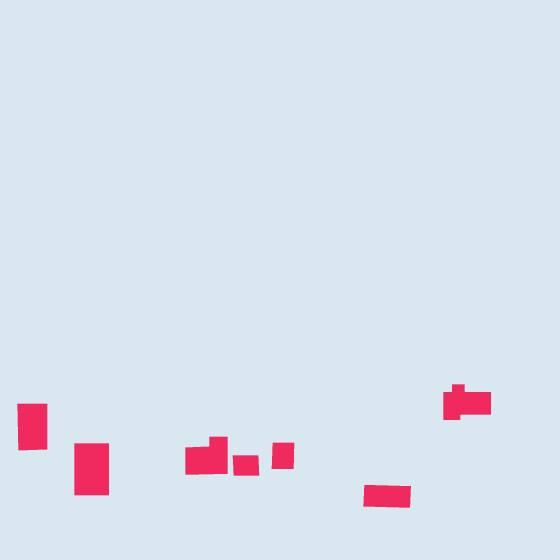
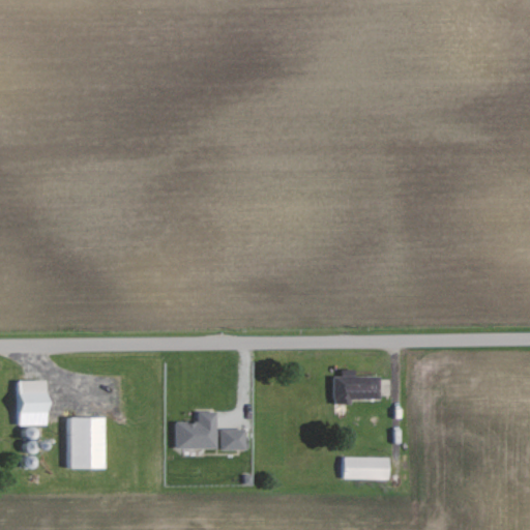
building: [442,384,492,421] -> [333,370,380,405]
building: [271,442,295,470] -> none

